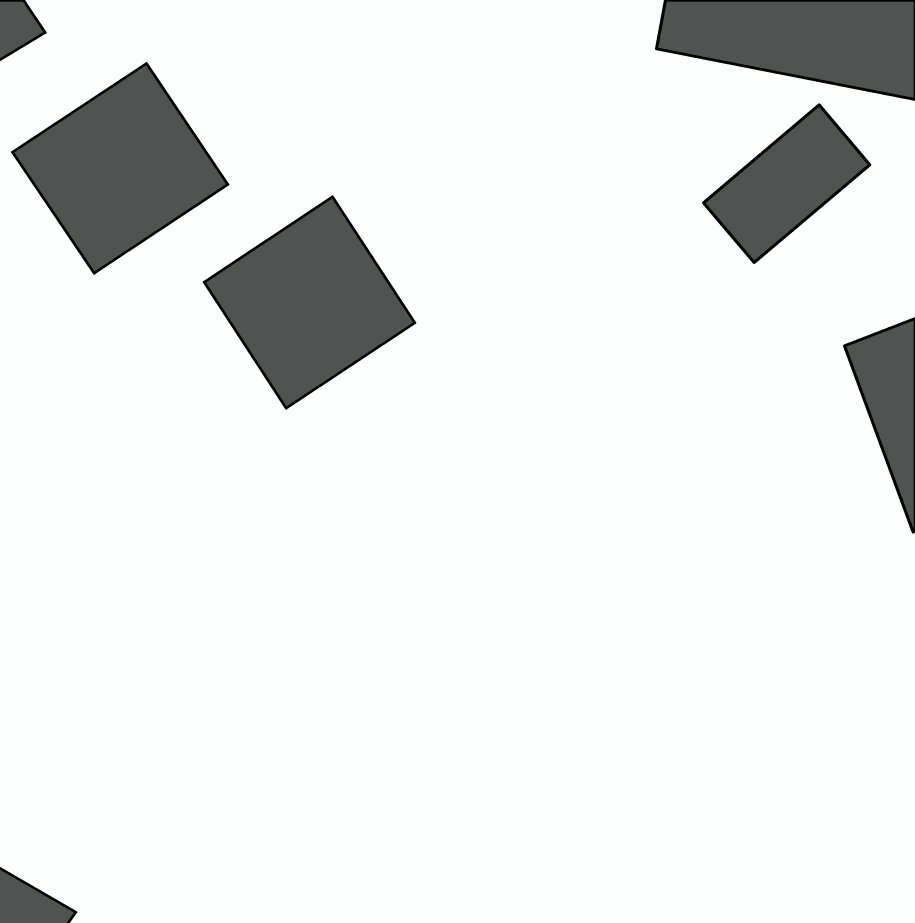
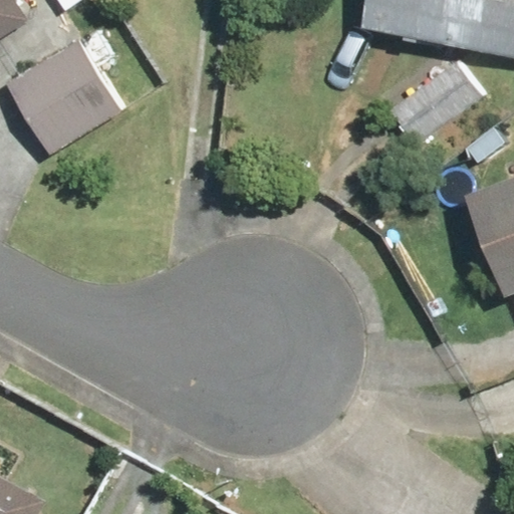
building: [204,197,415,408] -> none

